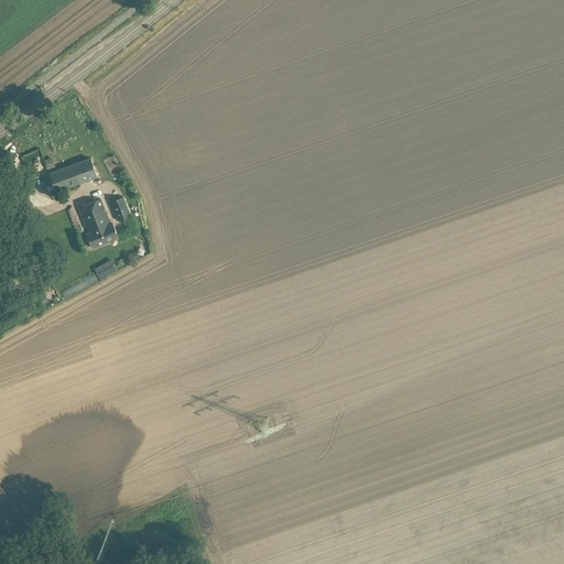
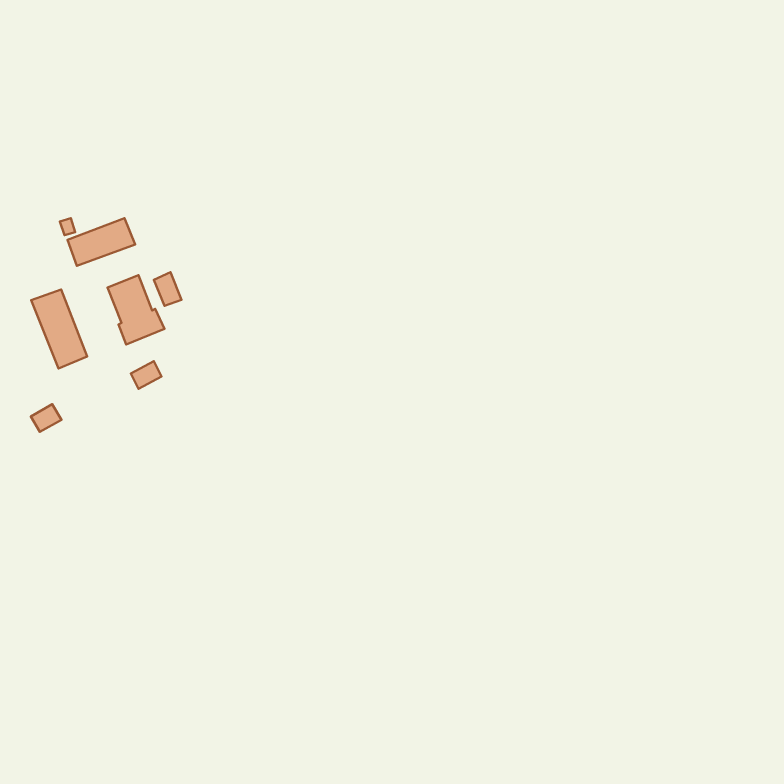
building: none -> [31,289,87,368]

